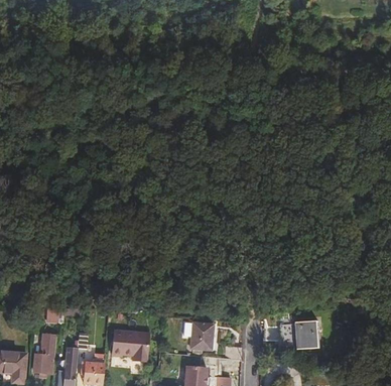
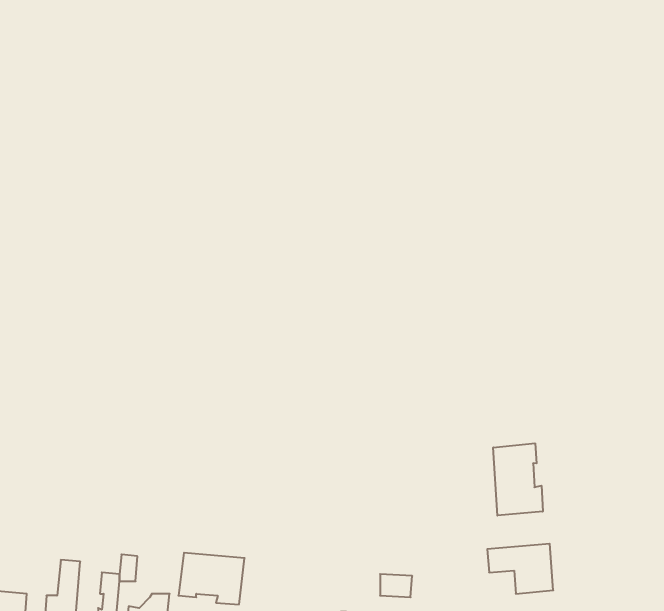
building: none -> [493,443,543,516]
building: [187,323,209,352] -> none

